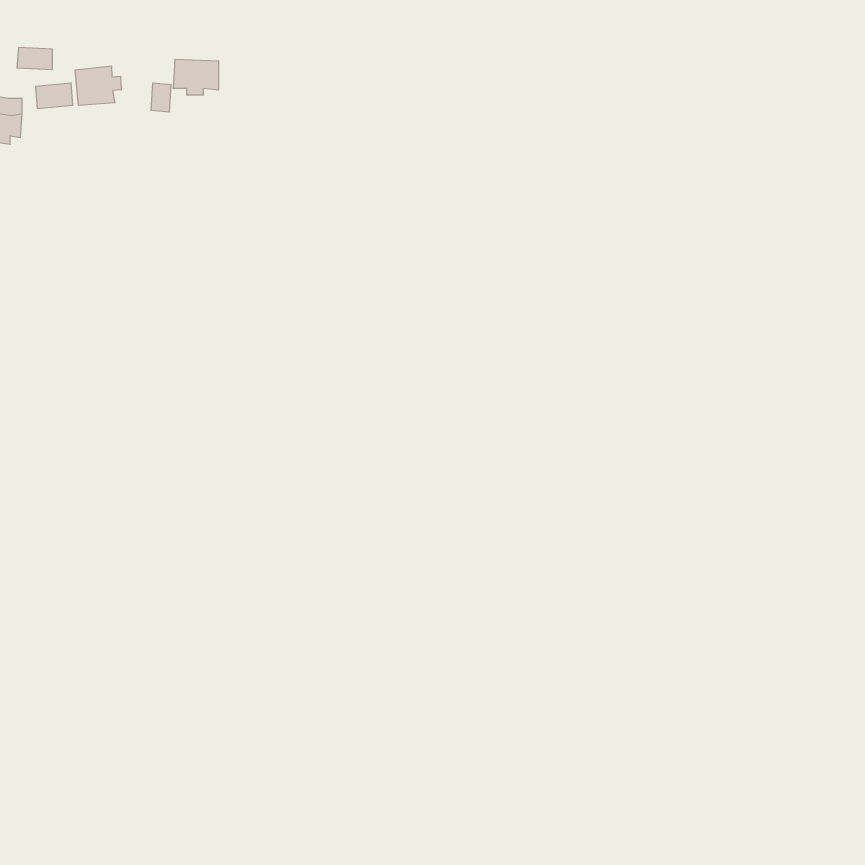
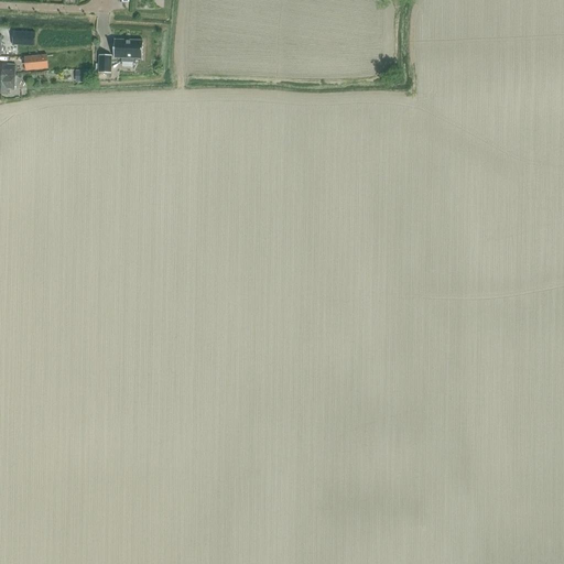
building: [75,66,121,105] -> none

